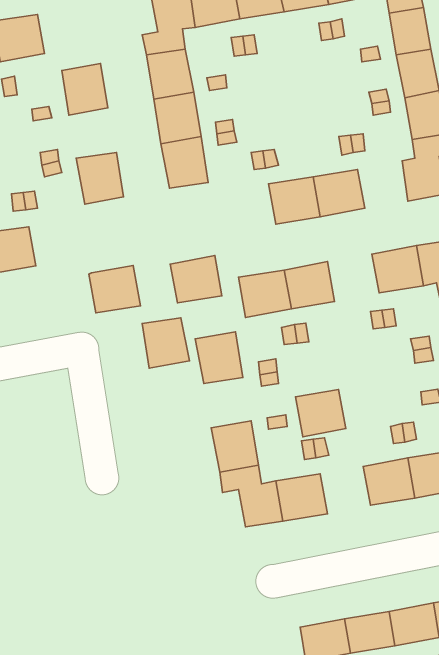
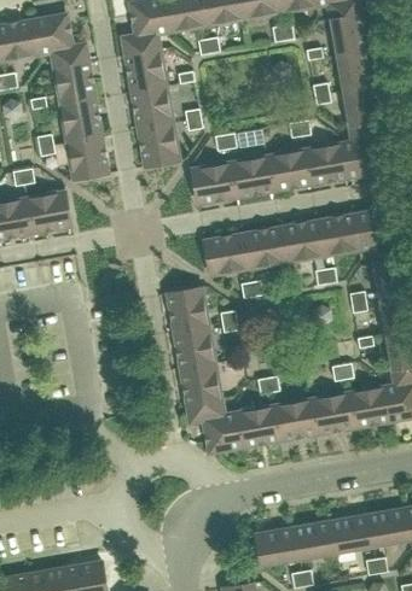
building: none -> [34,14,87,68]
building: none -> [60,99,100,141]
building: none -> [303,144,346,183]
building: none -> [278,222,321,262]
building: [170,256,222,303] -> [191,163,234,203]
building: [89,266,140,313] -> [27,192,70,232]
building: [142,318,189,368] -> [174,326,214,368]
building: [296,390,346,437] -> [272,400,314,440]

